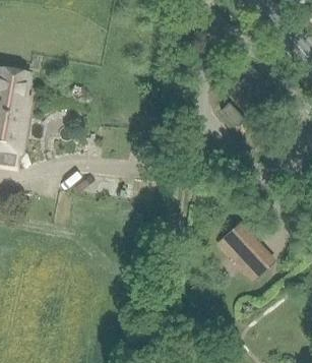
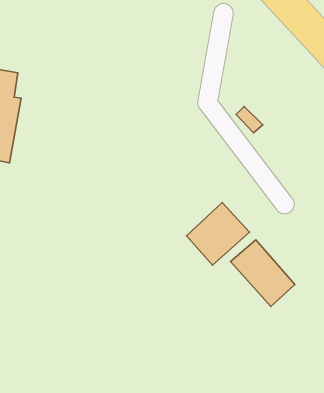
building: none -> [187,203,249,265]

